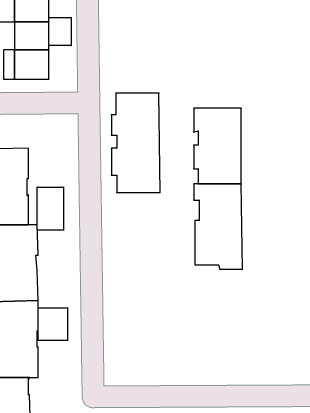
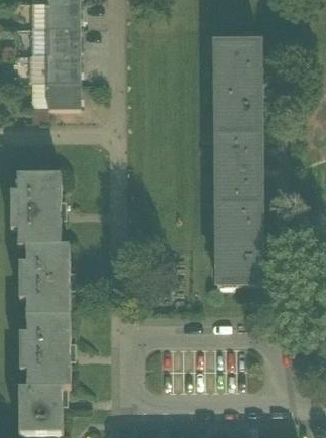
building: [49,18,71,46] -> none
building: [111,93,160,193] -> [215,40,260,133]
building: [37,187,64,230] -> none
building: [38,308,68,340] -> none

